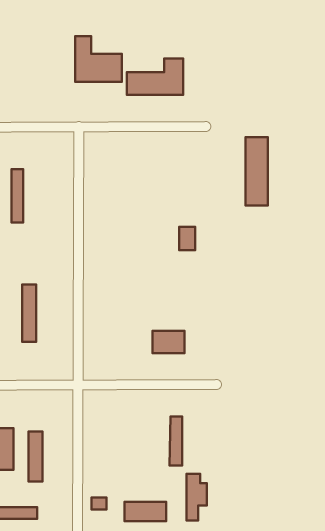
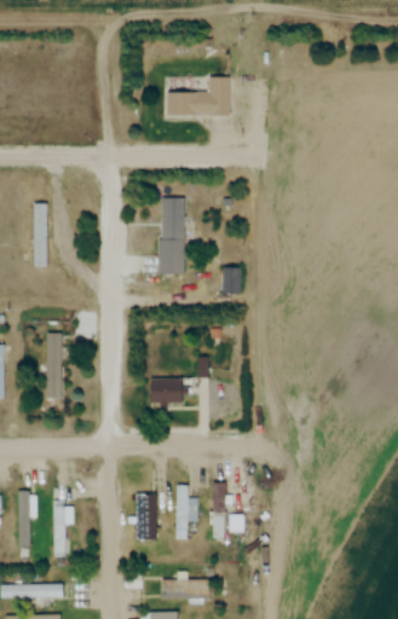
building: [75,36,122,82] -> none
building: [245,137,268,205] -> [158,197,184,274]
building: [152,331,184,353] -> [149,378,185,404]
building: none -> [135,493,157,540]
building: [186,474,207,521] -> [175,485,198,538]

